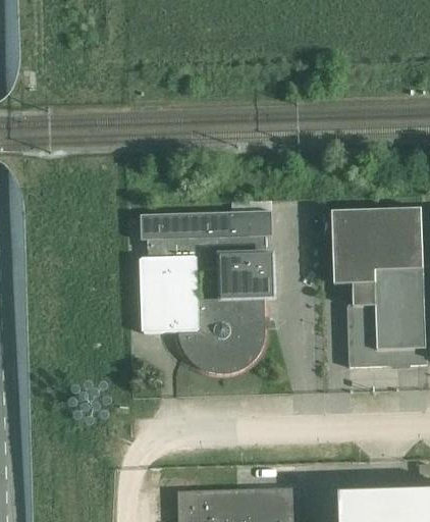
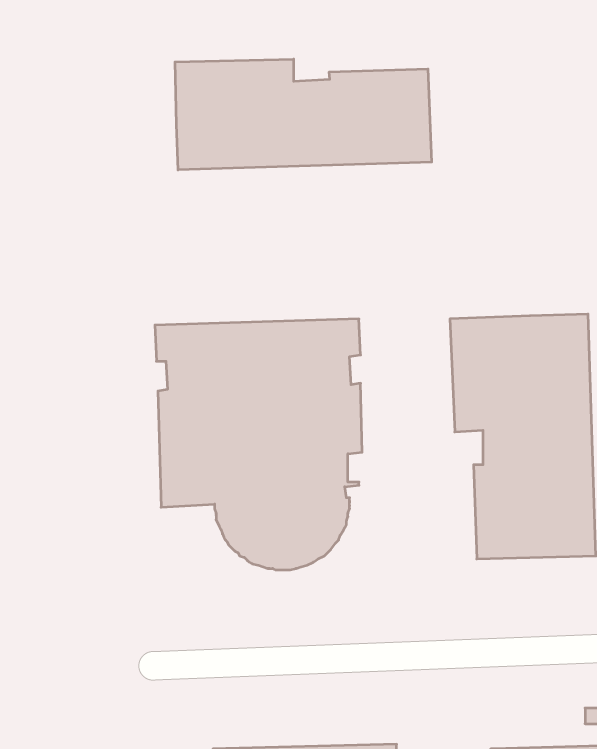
building: none -> [175,59,432,170]

